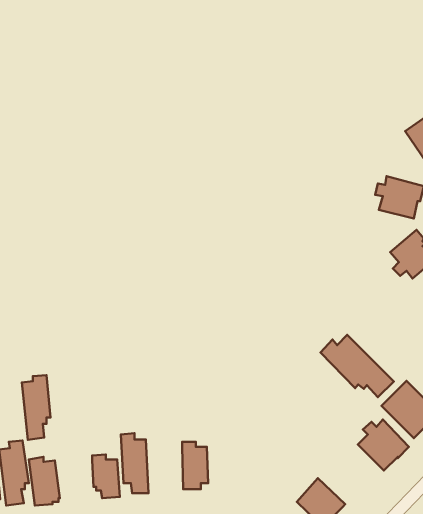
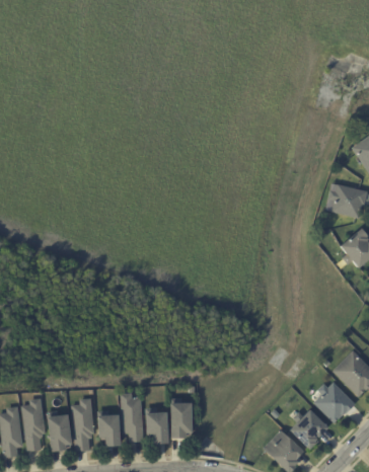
building: [321,335,394,397] -> none
building: [22,375,50,440] -> [71,398,94,451]
building: none -> [145,408,167,443]
building: none -> [290,409,328,449]

